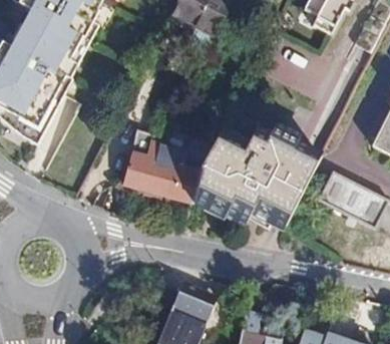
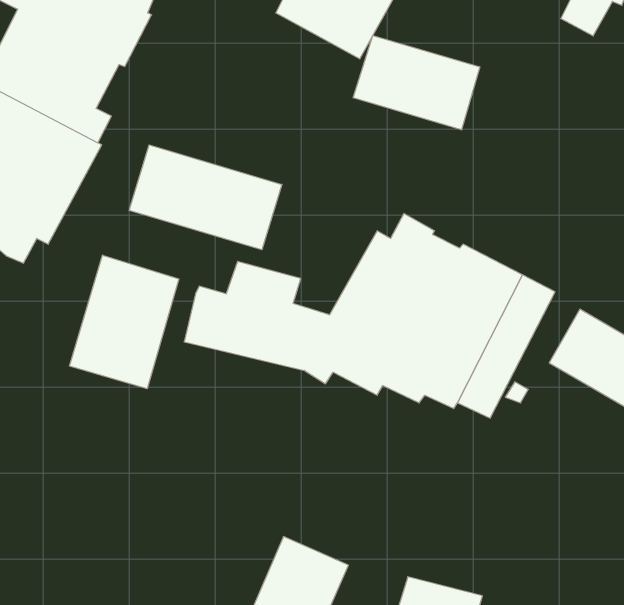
building: none -> [353,36,480,130]
building: none -> [129,145,282,250]
building: none -> [69,255,179,389]

